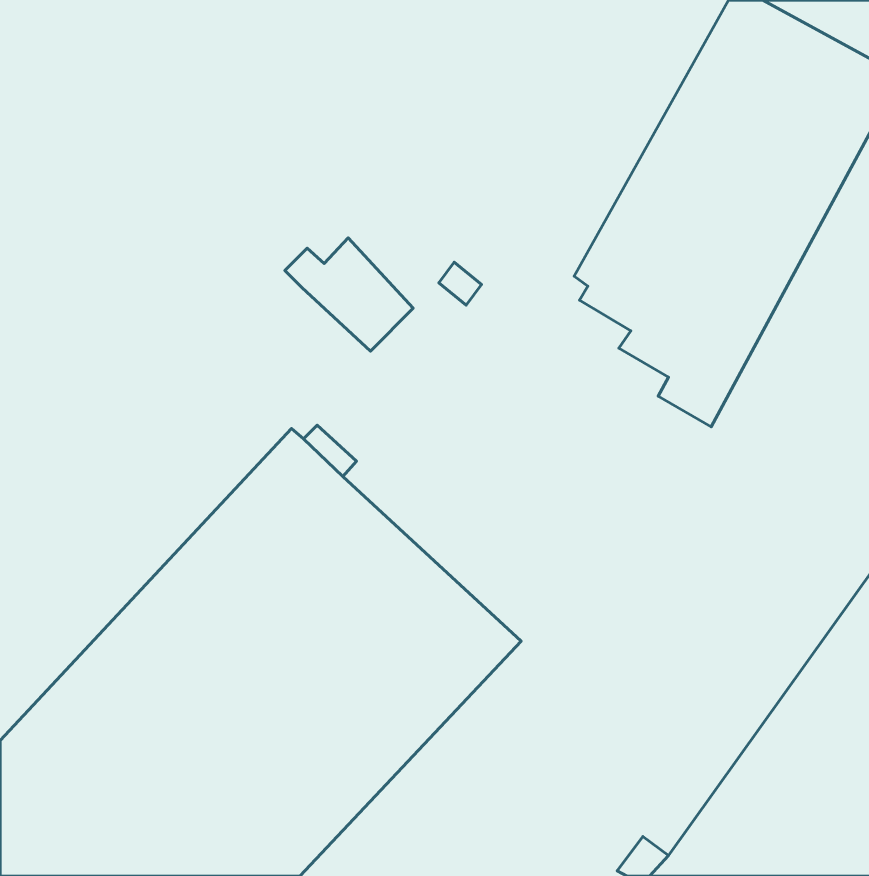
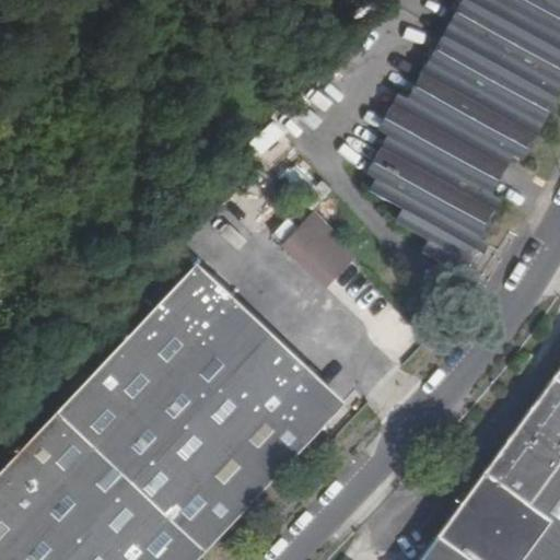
building: [285,238,413,351] -> [271,220,353,292]

